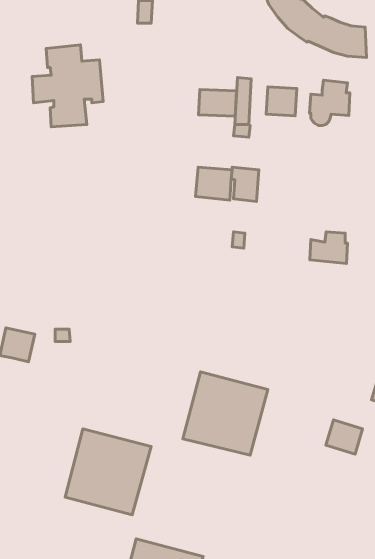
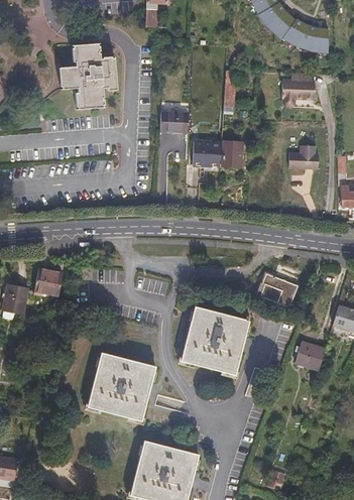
building: [266,87,297,116] -> none
building: [199,89,237,116] -> [159,111,190,132]
building: [310,232,348,264] -> [286,146,317,171]
building: none -> [261,271,300,305]

